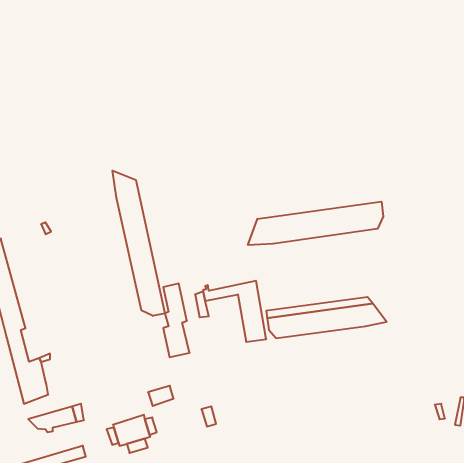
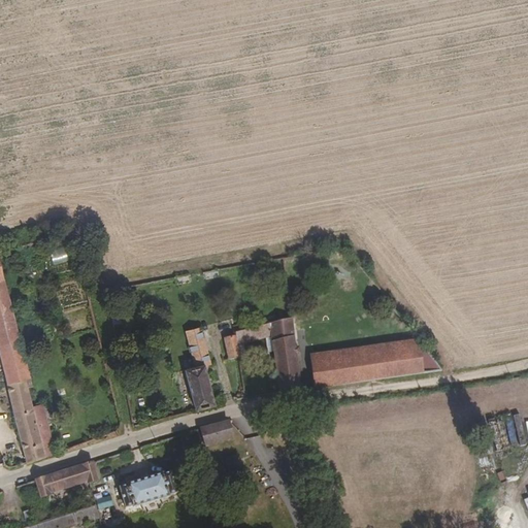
building: [112,171,165,316] -> none
building: [248,202,383,245] -> none
building: [148,386,174,406] -> [202,421,231,443]

